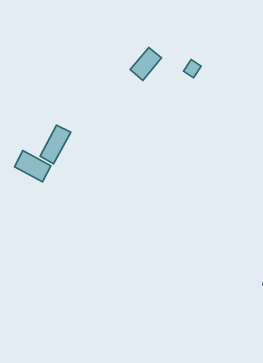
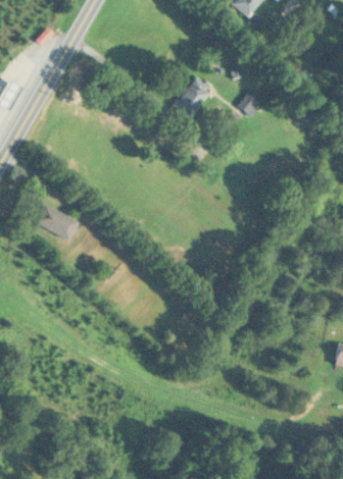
building: [40,125,71,164] -> none

